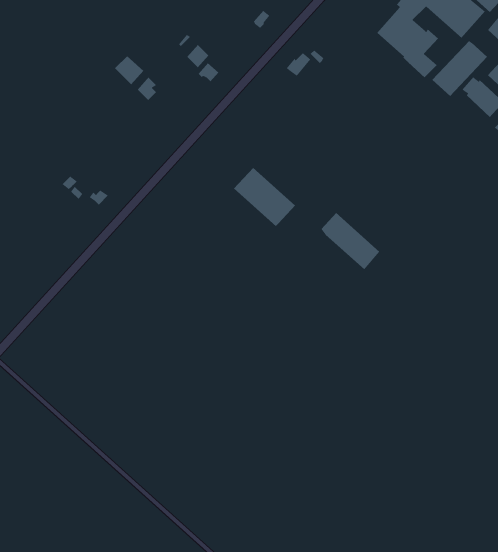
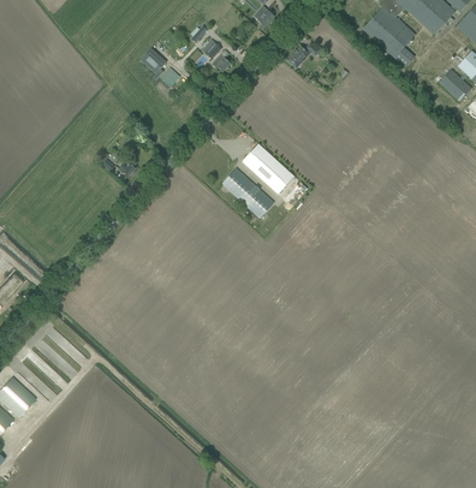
building: [432,40,488,97] -> none
building: [321,212,380,270] -> [222,168,273,218]

